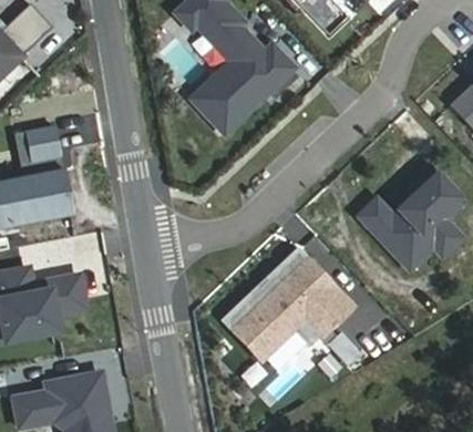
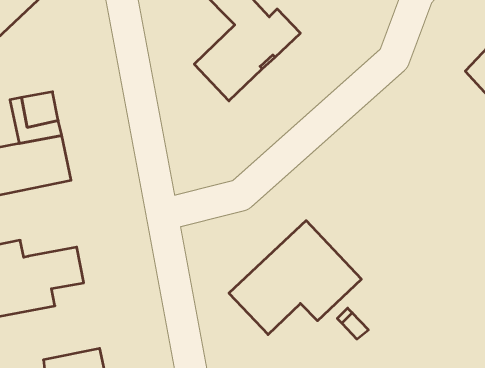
building: [361,165,463,268] -> none

